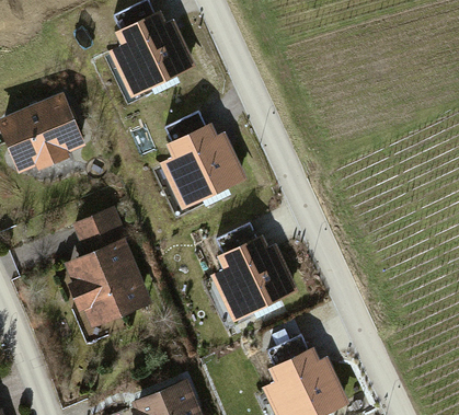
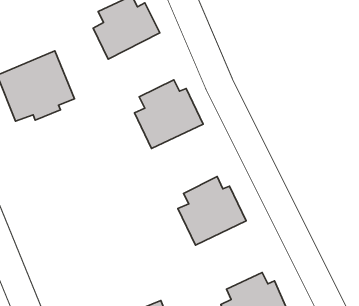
building: [65,208,154,332] -> none

